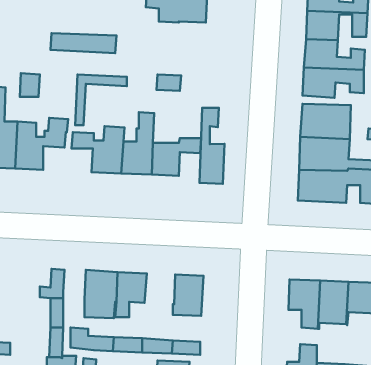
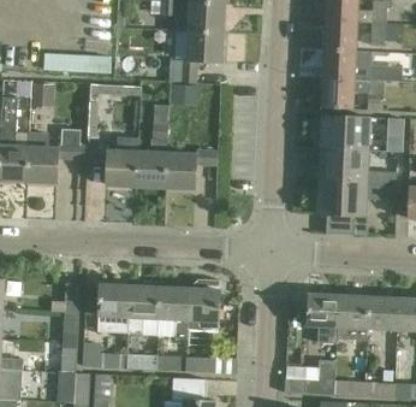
building: none -> [171,30,222,82]
building: [200,108,224,184] -> none
building: none -> [159,288,191,340]

